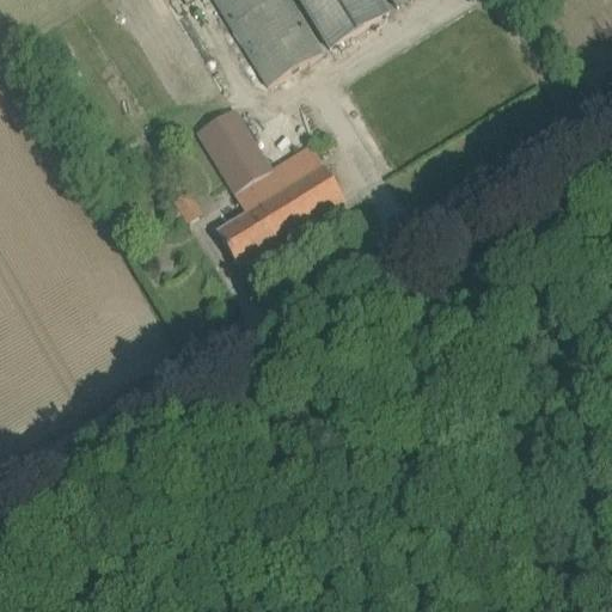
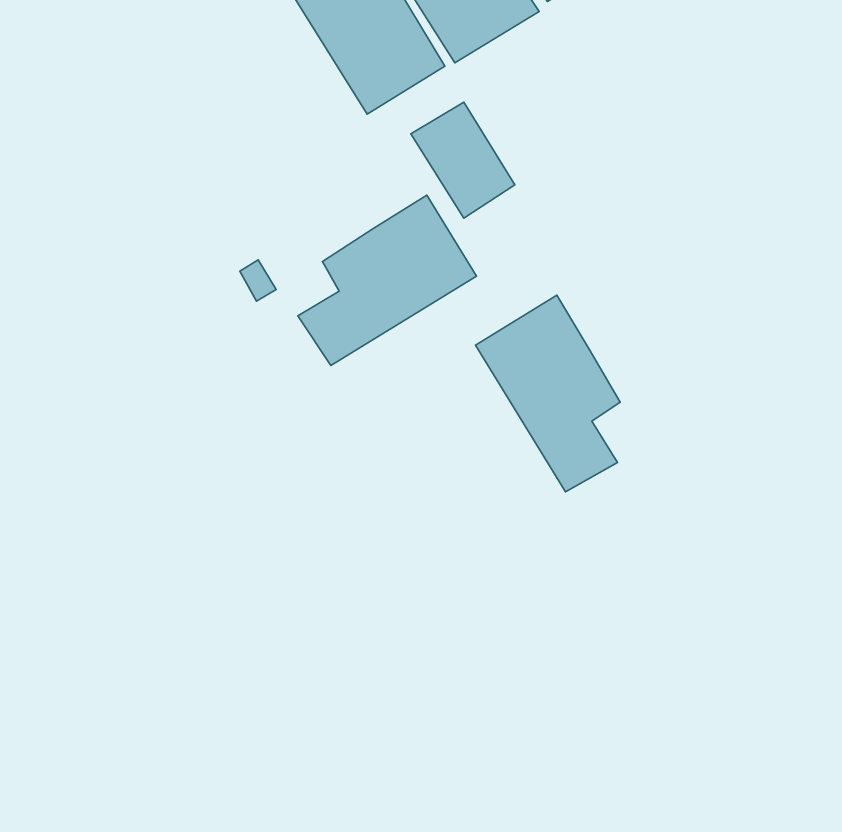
building: [195,105,270,189] -> [411,102,515,218]
building: none -> [475,295,620,492]

